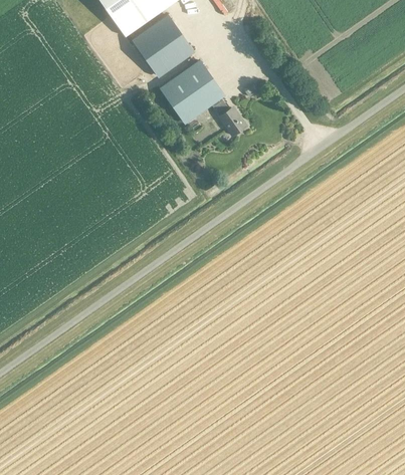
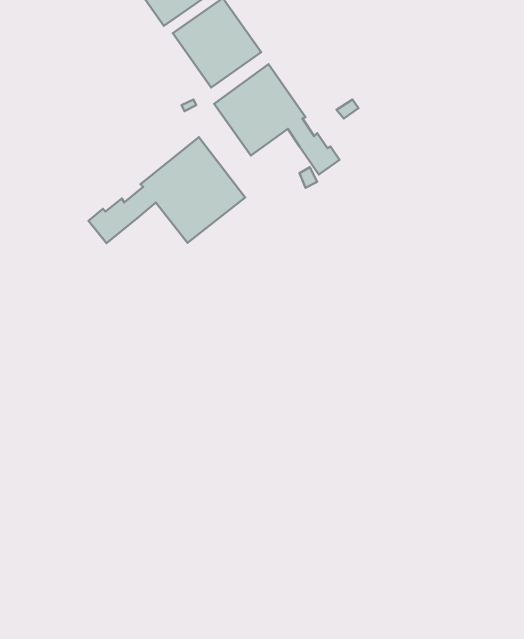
building: none -> [89,137,245,243]

